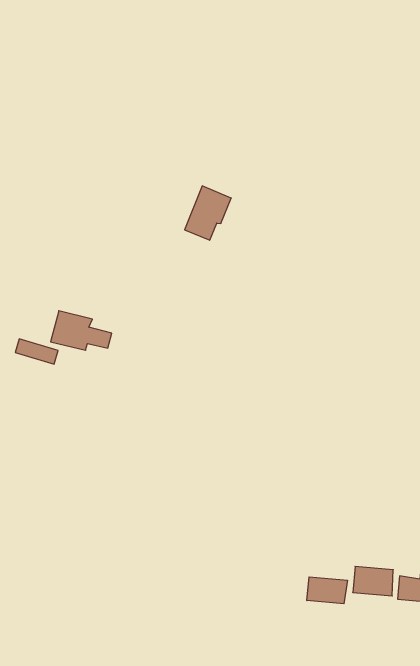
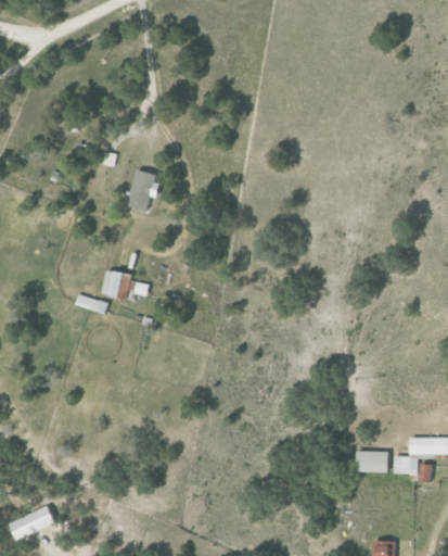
building: [185,186,231,240] -> [126,169,161,212]
building: [307,577,347,604] -> none

